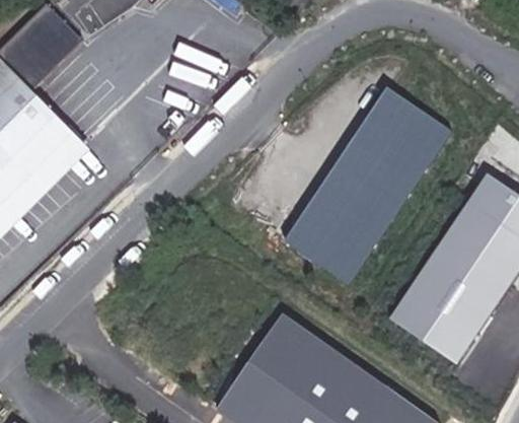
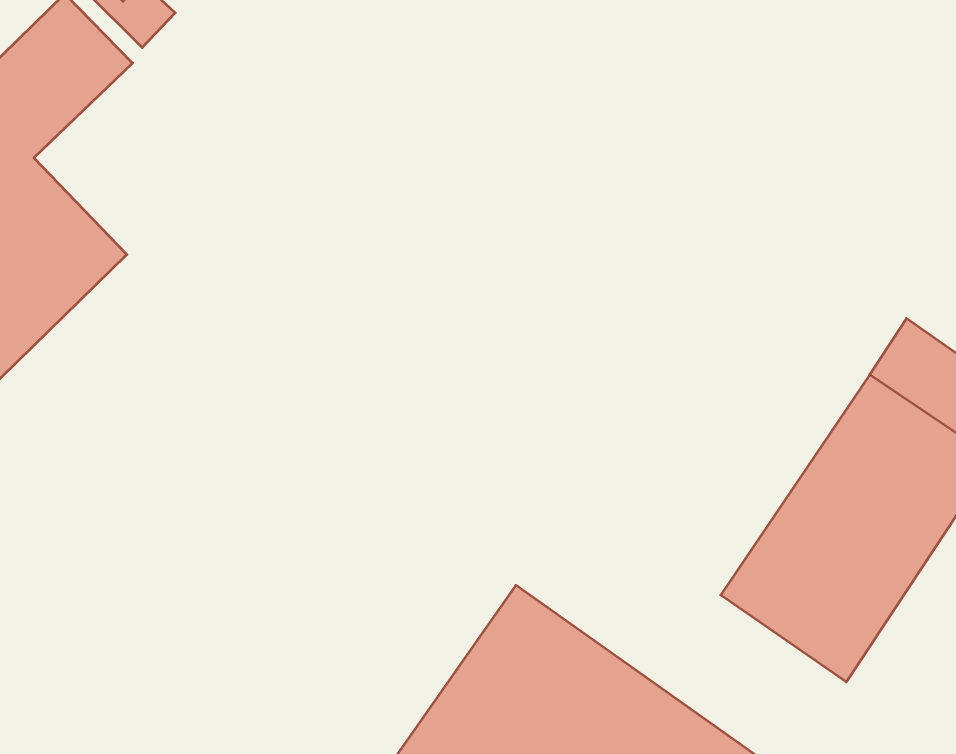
building: [284,87,451,285] -> none

